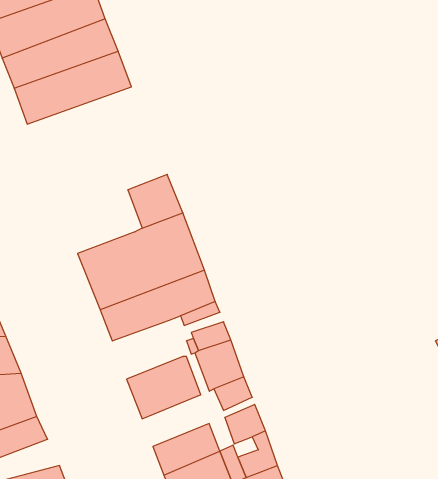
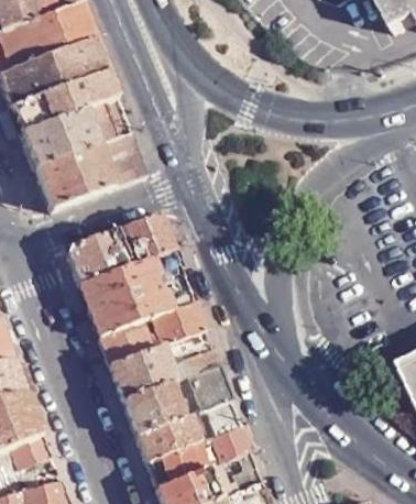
building: none -> [31,131,144,207]
building: none -> [65,227,130,284]
building: none -> [109,346,174,399]
building: none -> [136,415,198,461]

